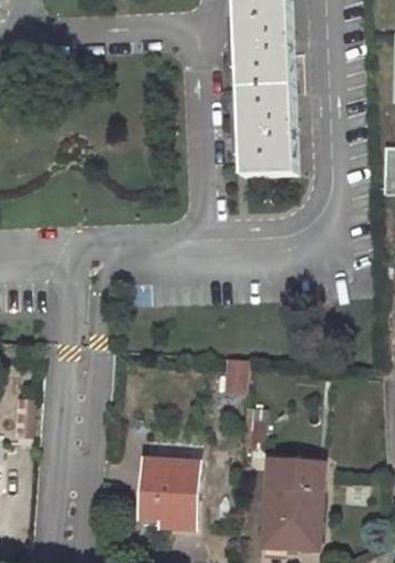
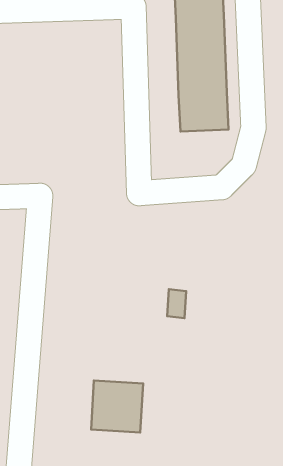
building: [262,460,319,542] -> none

